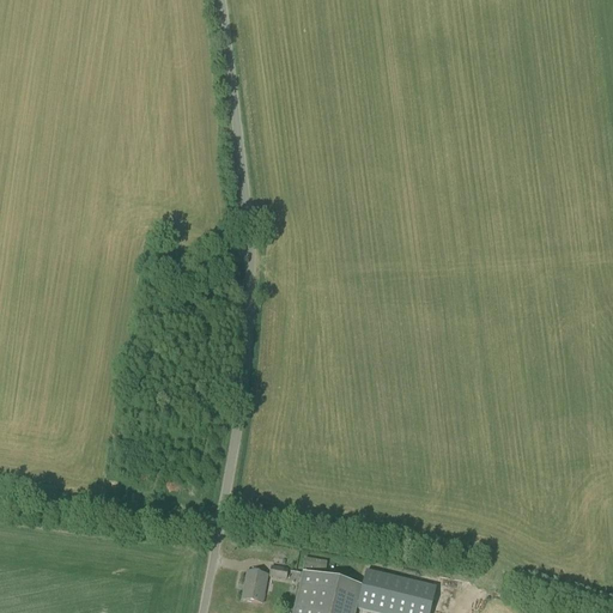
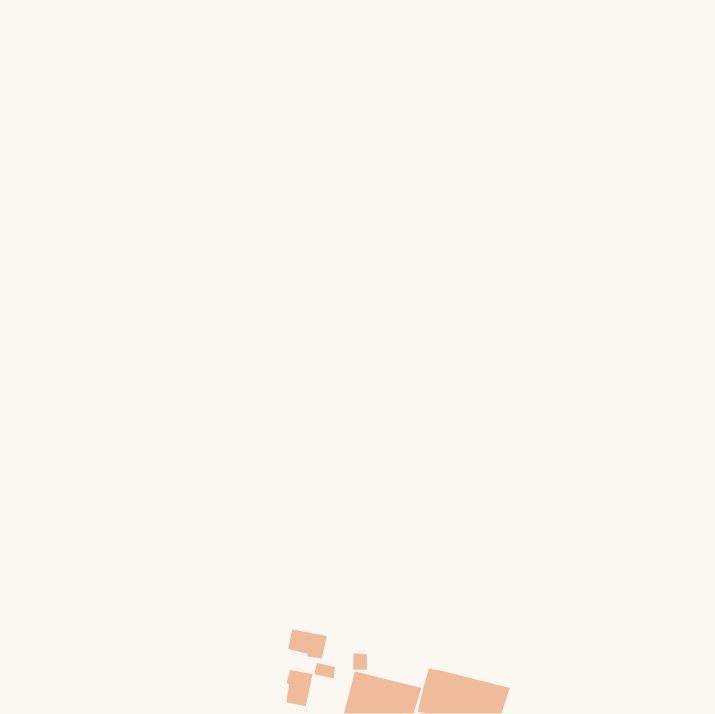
building: none -> [287,629,328,659]

